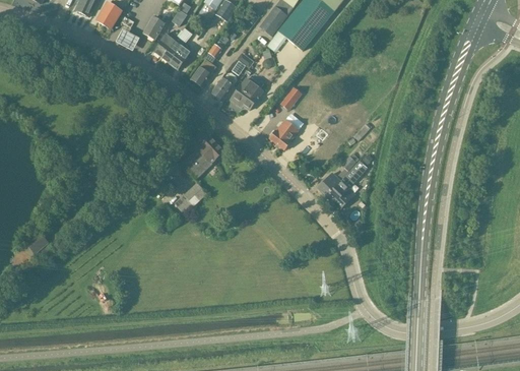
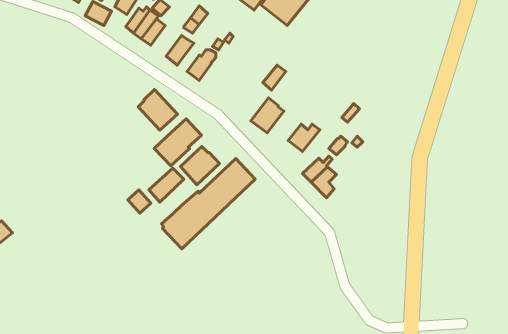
building: [230,77,263,111] -> none
building: none -> [138,90,178,130]
building: none -> [180,147,220,185]
building: none -> [161,159,255,249]

